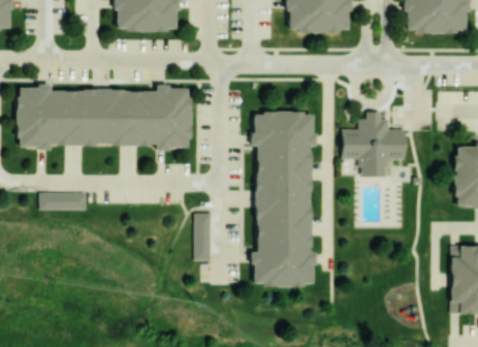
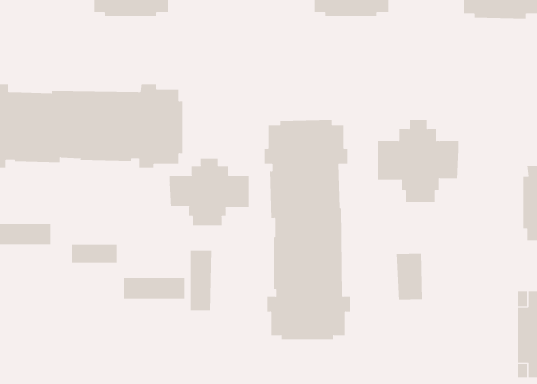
building: none -> [169,158,249,226]
building: none -> [71,244,117,264]
building: none -> [396,253,422,300]
building: none -> [123,277,185,300]

